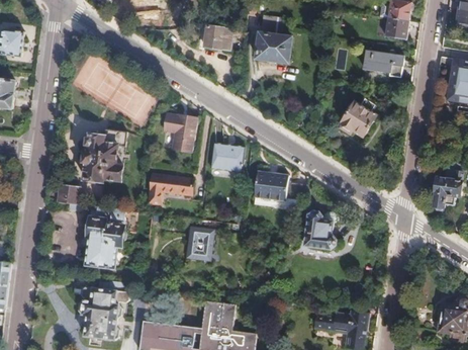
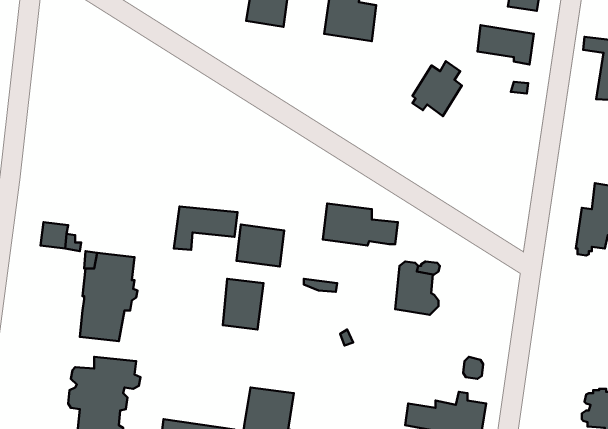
building: [341,97,375,136] -> [413,61,462,116]
building: [165,113,197,151] -> none
building: [82,129,125,181] -> none
building: [209,144,243,173] -> [236,225,284,267]

